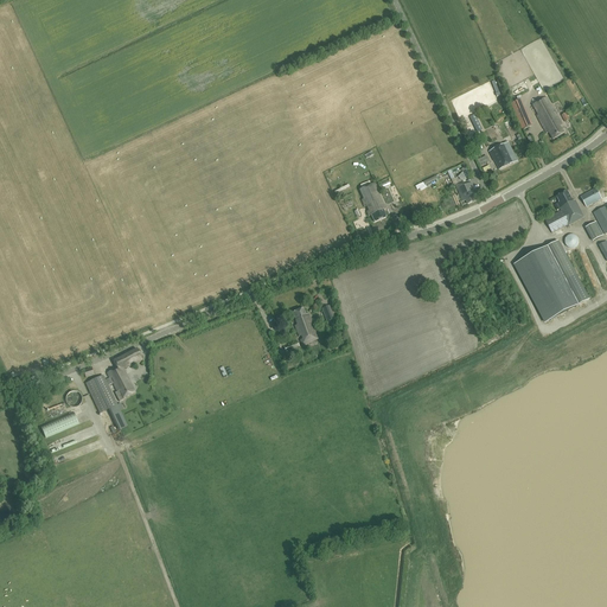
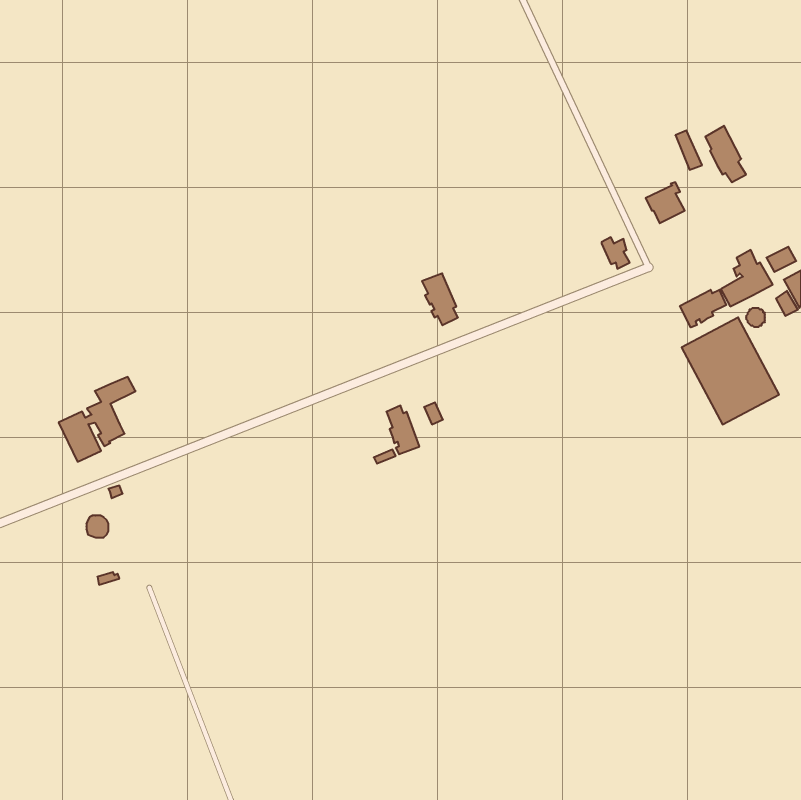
building: [358,181,385,221] -> [422,273,458,325]
building: none -> [680,290,726,327]
building: [84,347,142,411] -> [59,377,136,462]

